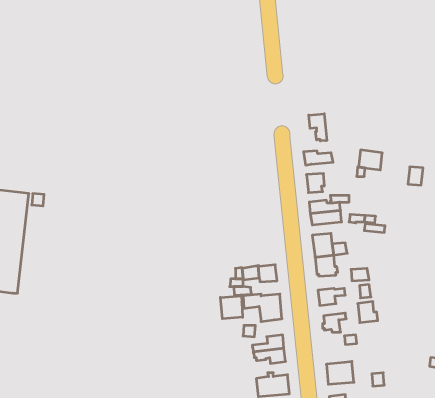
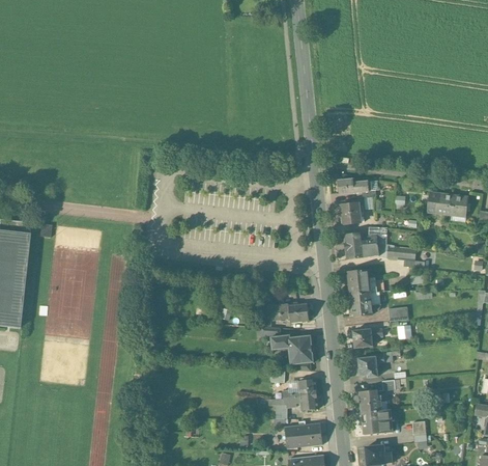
building: [309,114,327,141] -> none
building: [359,150,382,170] -> [427,193,453,215]
building: [220,296,243,319] -> none
building: [358,302,378,323] -> [360,389,381,412]

